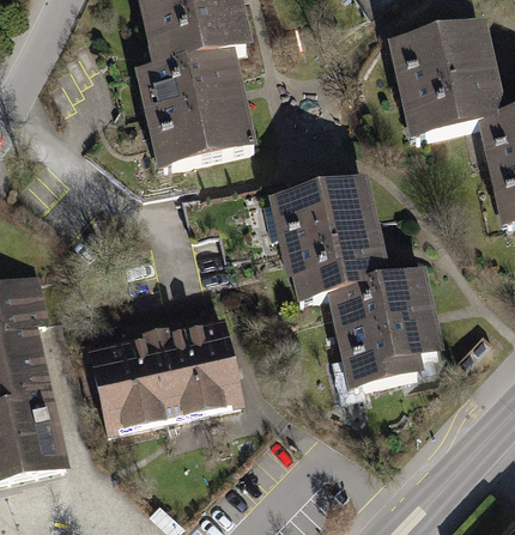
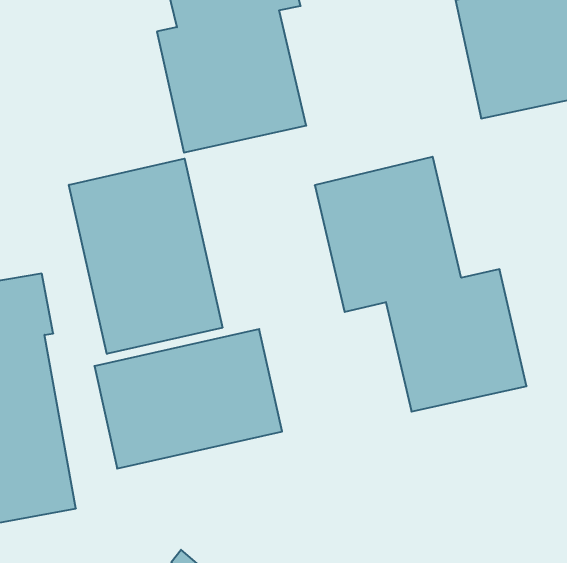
building: none -> [69,159,222,354]

